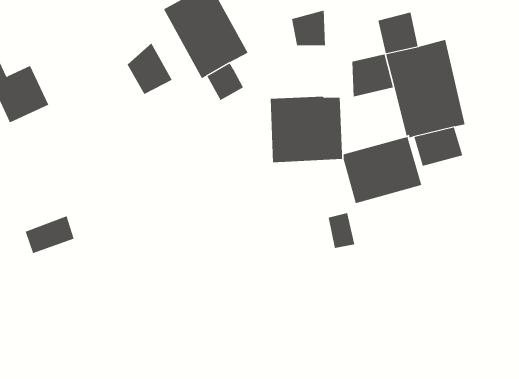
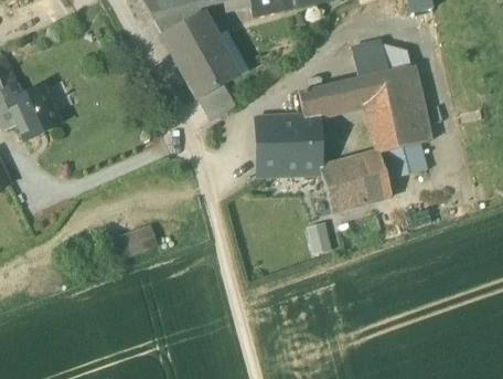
building: [291,10,326,46] -> [300,84,331,116]
building: [127,42,172,95] -> none
building: [25,215,75,254] -> [115,223,159,257]

